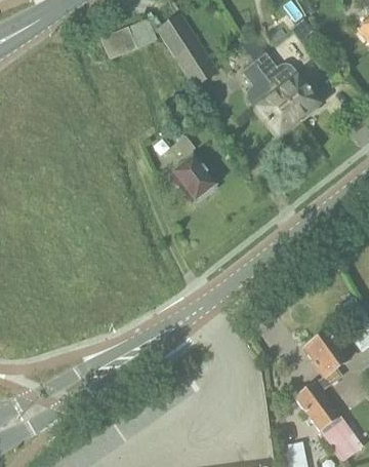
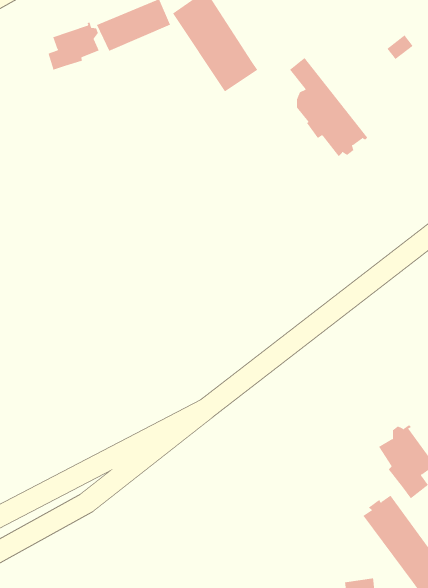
building: none -> [48,22,100,71]
building: [253,49,320,117] -> none
building: [170,129,214,198] -> none

